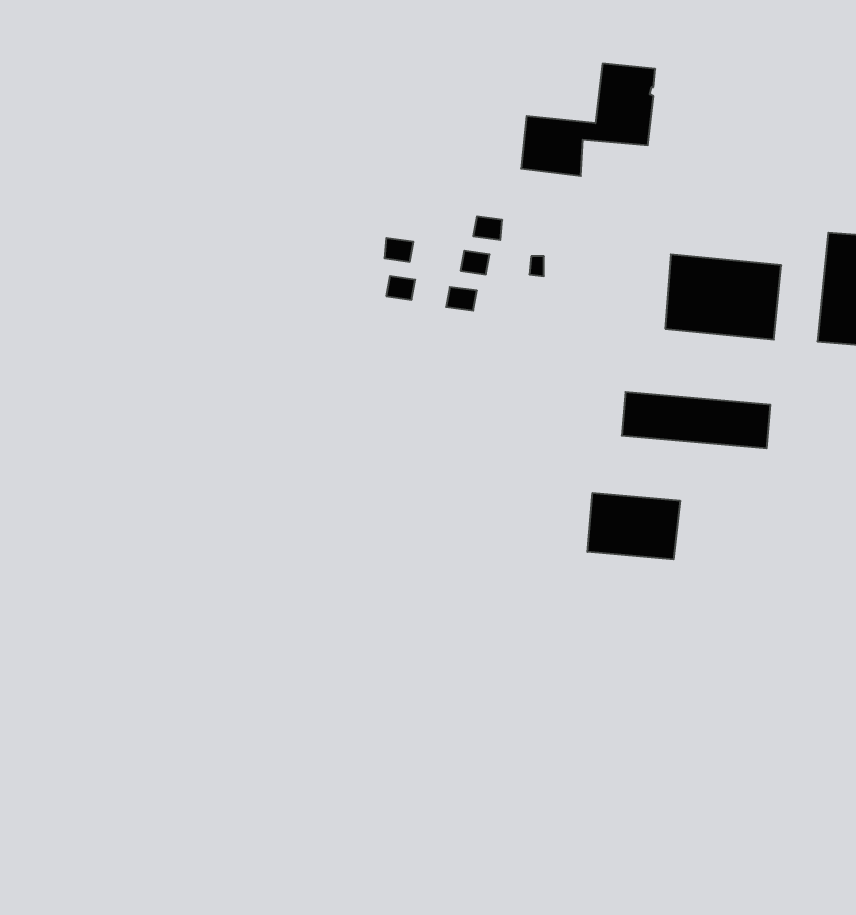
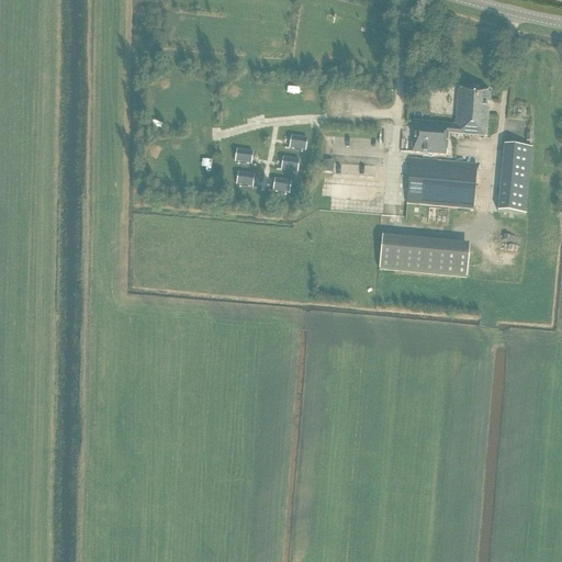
building: [521,64,655,176] -> [408,86,490,154]
building: [587,493,680,559] -> none

